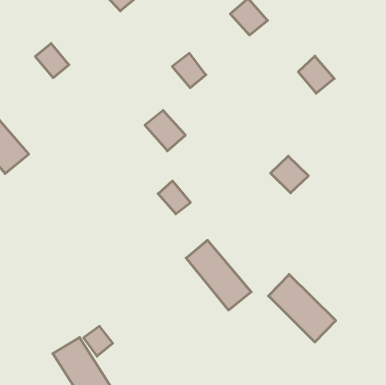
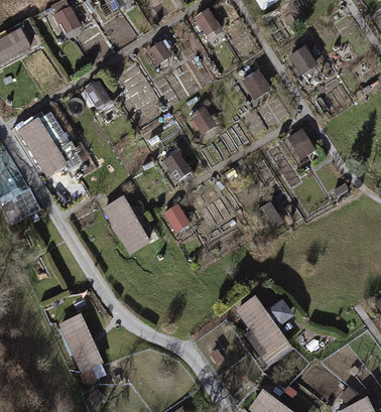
building: [186,240,251,310] -> [104,196,150,254]

